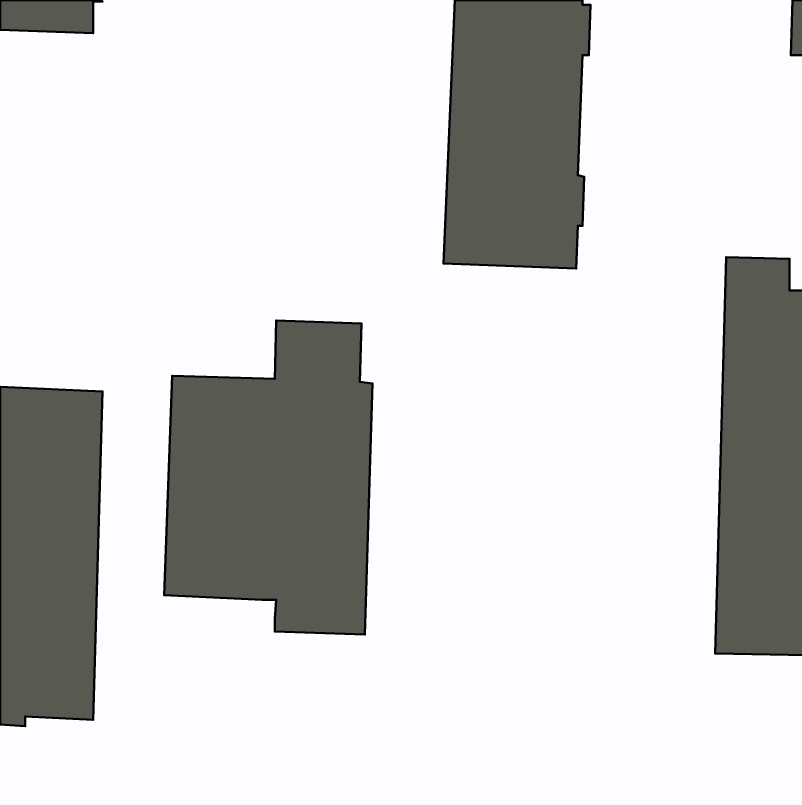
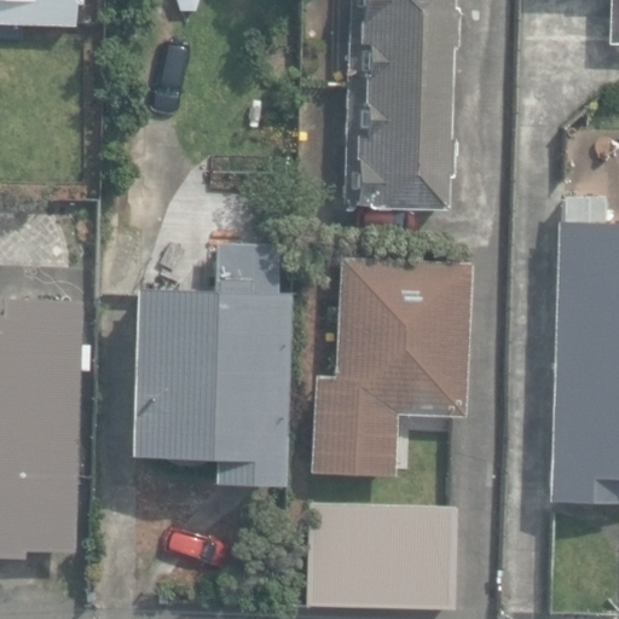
building: none -> [312,256,472,478]
building: none -> [311,505,456,606]

